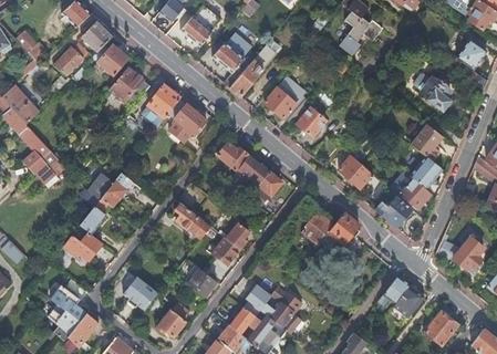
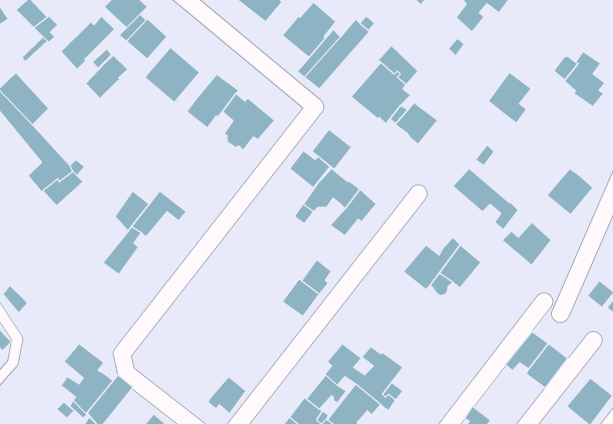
building: none -> [86,55,128,99]
building: [411,124,443,162] -> [488,72,531,123]
building: none -> [312,129,351,169]
building: [390,171,429,210] -> none
building: [174,202,210,240] -> none
building: [63,232,102,260] -> none
building: [186,266,216,295] -> none
building: [122,277,158,311] -> none

